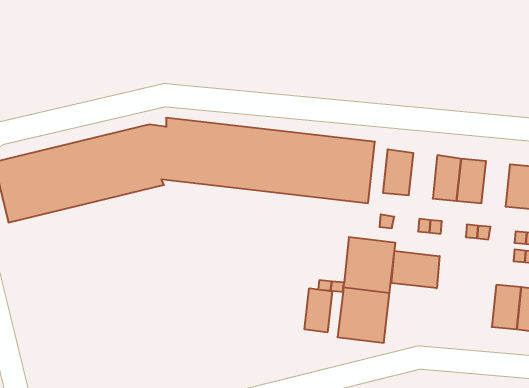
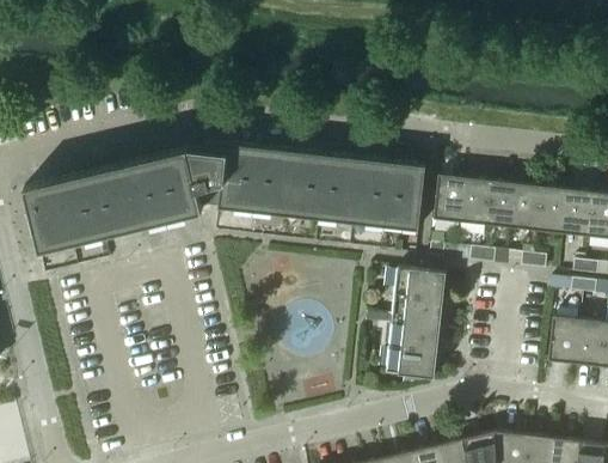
building: none -> [461,177,491,225]
building: none -> [538,185,567,233]
building: [392,251,440,288] -> none
building: [305,288,332,332] -> none

